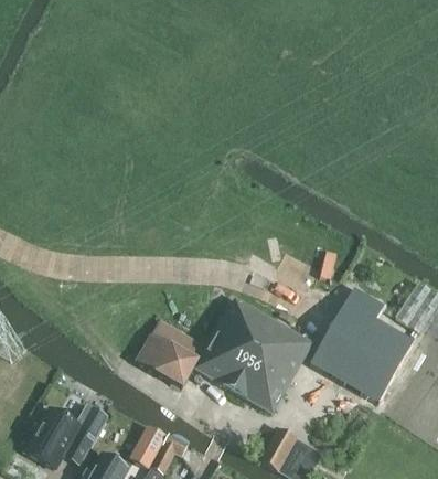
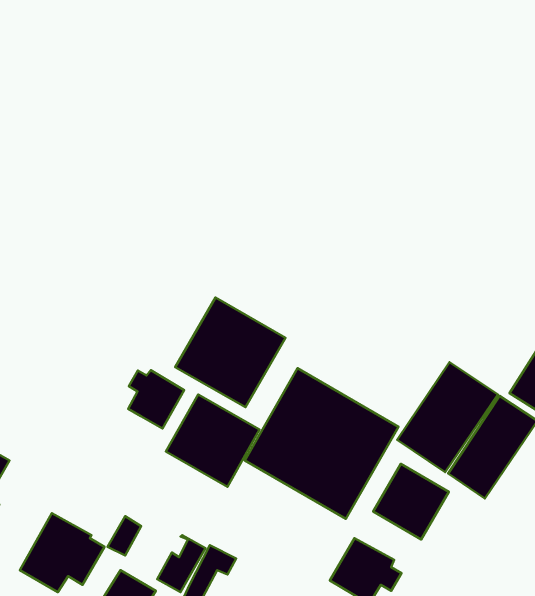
building: none -> [175,298,286,407]
building: none -> [128,370,184,428]
building: none -> [373,464,449,539]

